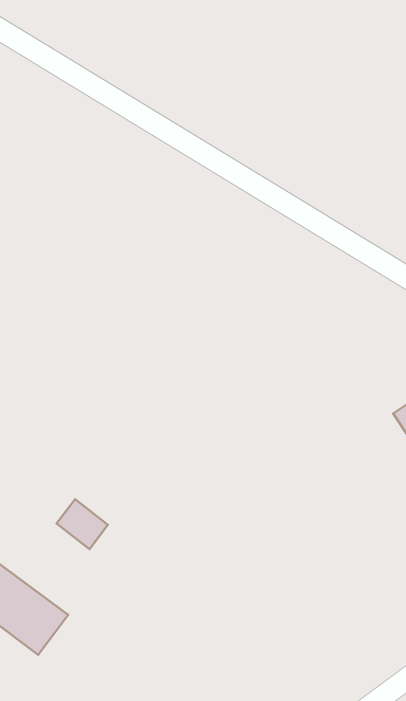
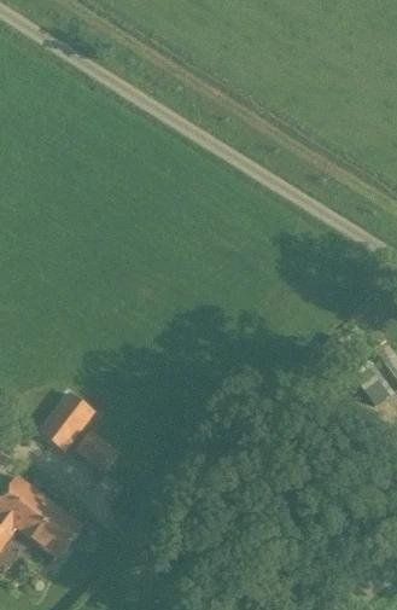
building: none -> [41,400,89,447]

